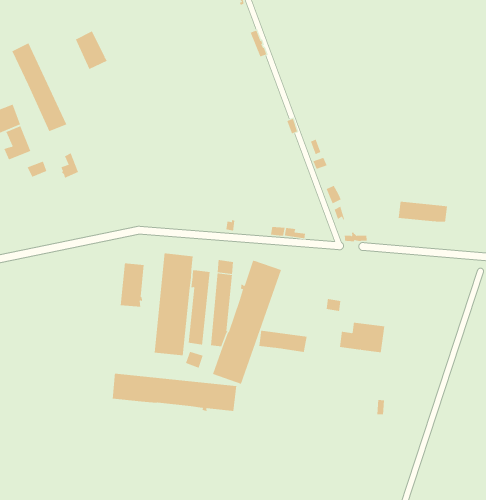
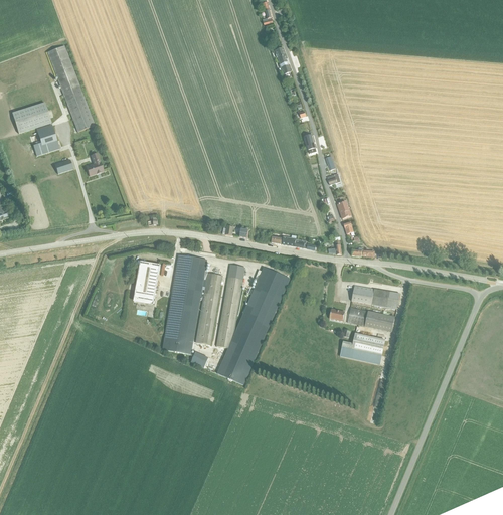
building: [75,31,107,70] -> none
building: [398,201,448,222] -> [351,285,399,308]
building: [259,330,308,353] -> [347,307,394,331]
building: [112,373,237,412] -> none

